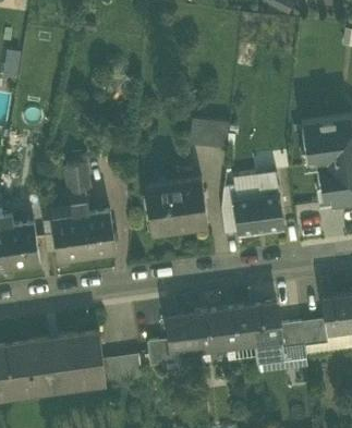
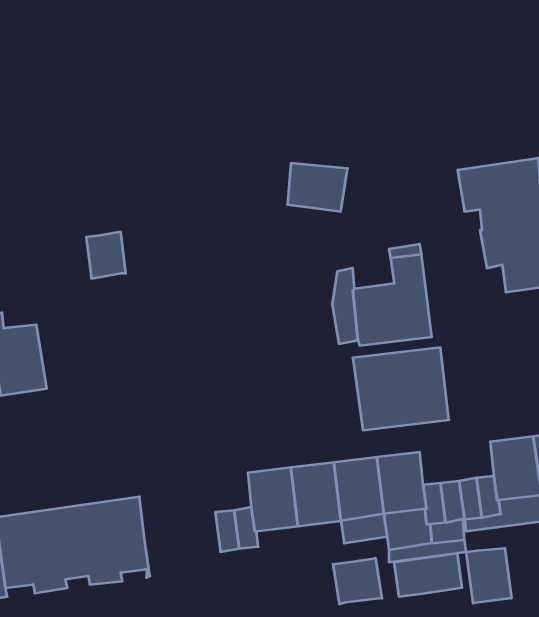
building: [144,182,205,234] -> [353,348,449,430]
building: [51,204,116,261] -> none
building: [101,355,141,384] -> none
building: none -> [466,548,511,603]
building: none -> [394,553,462,597]
building: none -> [333,558,382,604]

